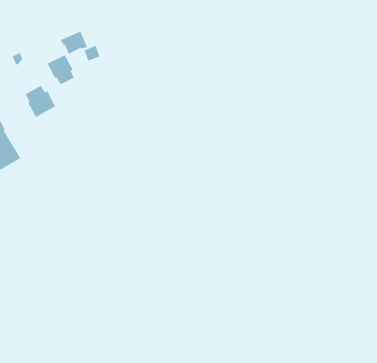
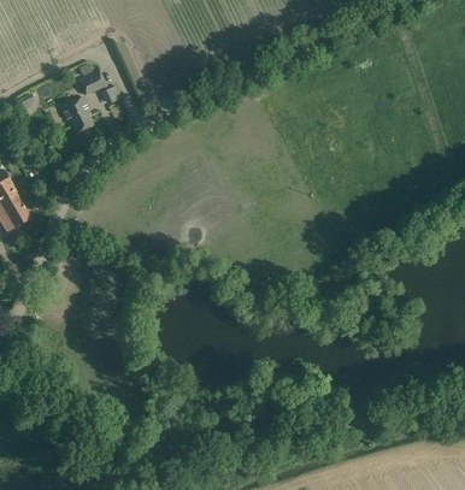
building: [25,85,56,118] -> none

